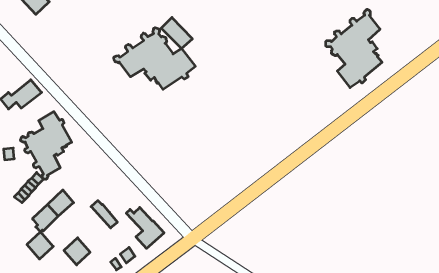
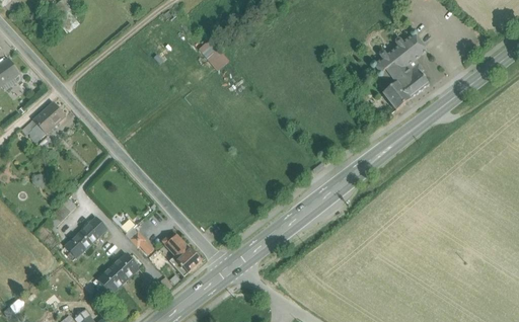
building: [114,28,195,89] -> none
building: [21,112,72,179] -> none
building: [27,232,53,259] -> [110,252,138,280]

